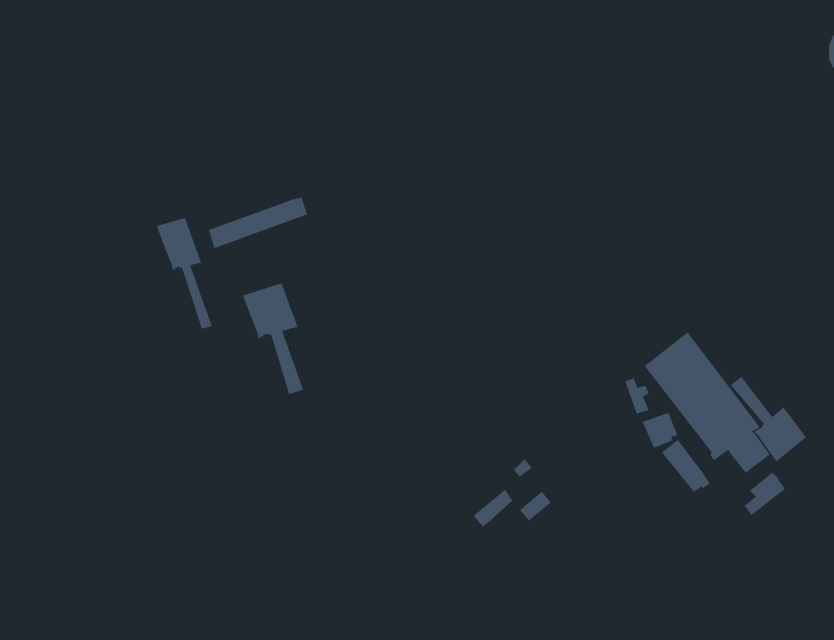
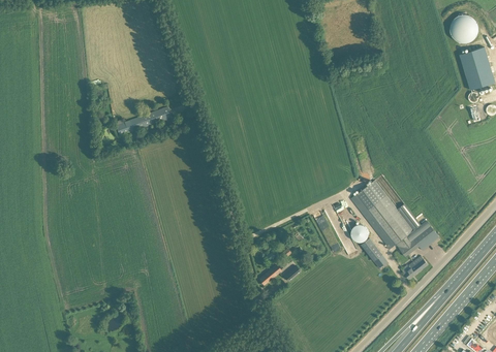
building: [156,217,212,330] -> none
building: [242,283,304,395] -> none

